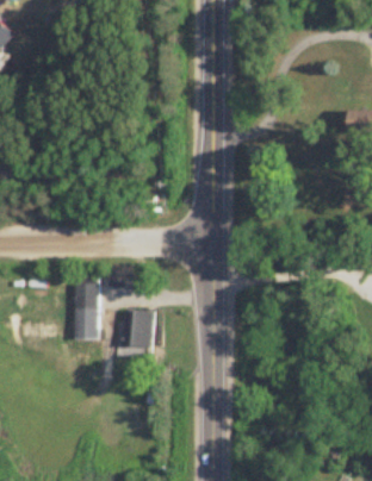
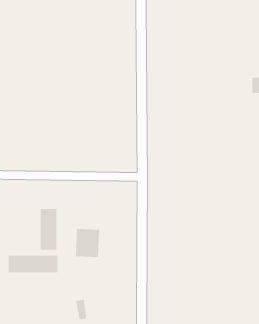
building: none -> [8,255,58,273]

